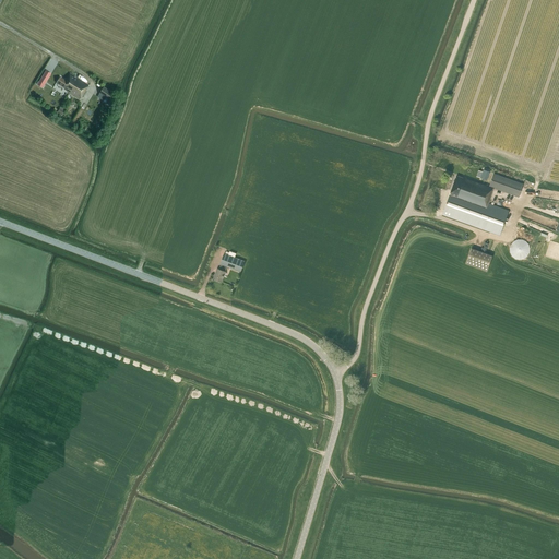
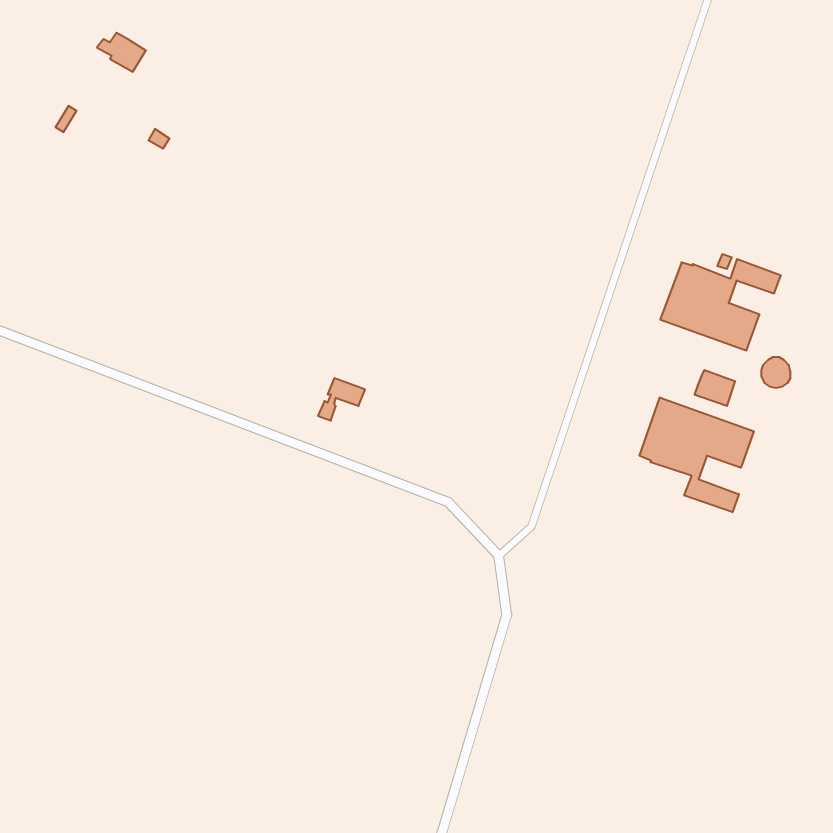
building: [57,73,90,99] -> [97,33,146,72]
building: none -> [639,397,754,512]

